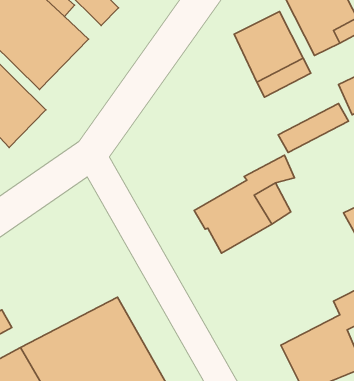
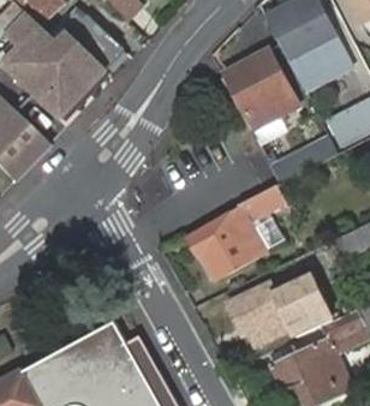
building: none -> [229,274,321,345]

